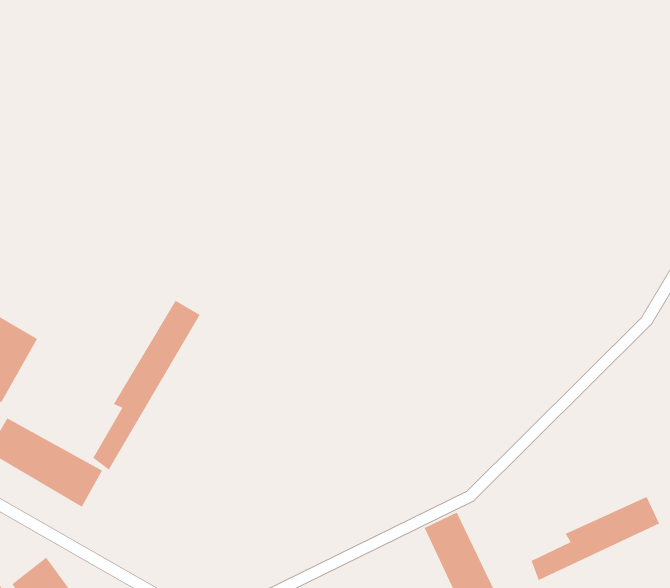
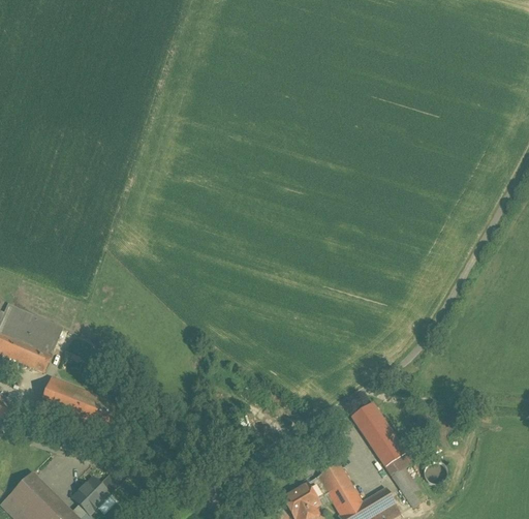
building: [93,300,200,471] -> none
building: [531,496,660,581] -> none

